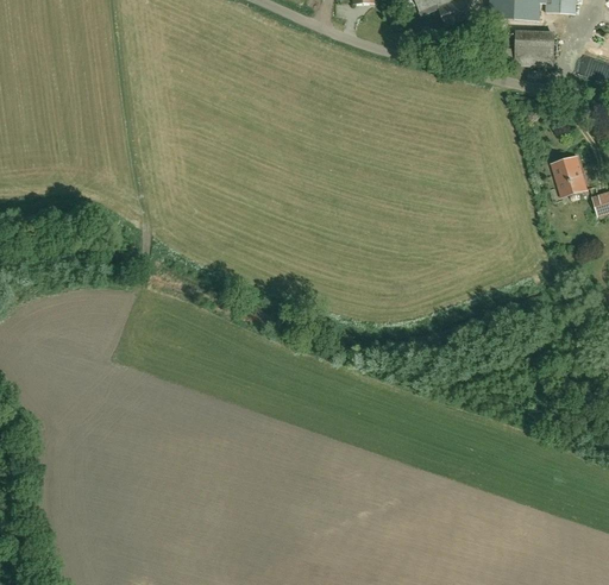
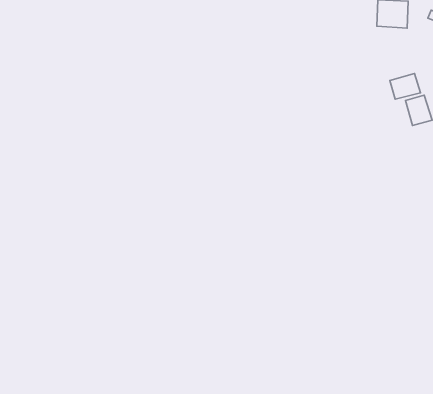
building: none -> [390,74,420,99]

